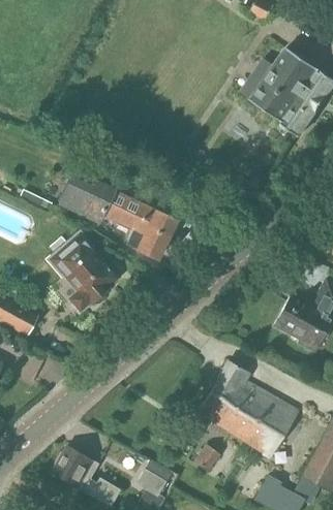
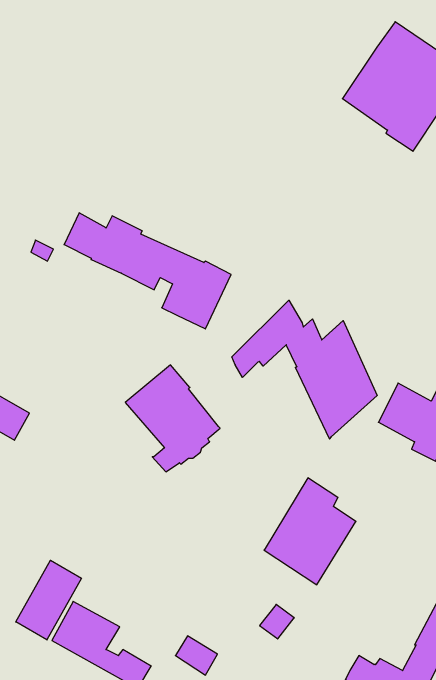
building: [53,234,118,308] -> [125,365,220,472]
building: none -> [232,300,377,439]
building: [235,389,298,455] -> none
building: none -> [16,560,81,640]

